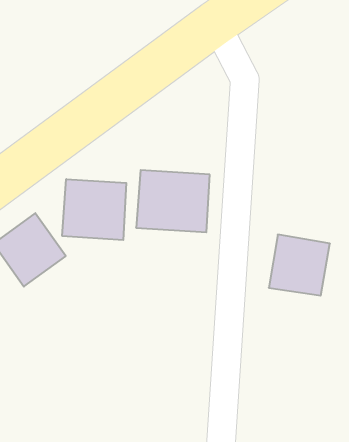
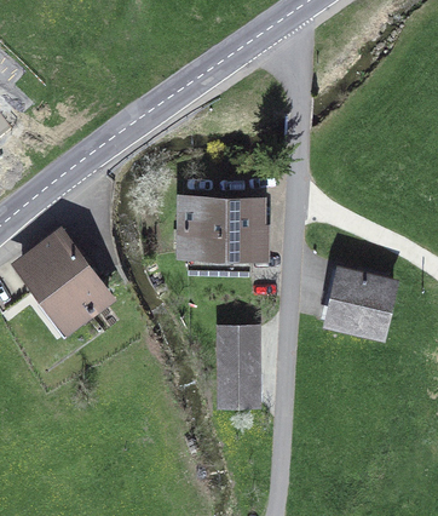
building: [62,179,126,240] -> none
building: none -> [214,337,255,418]

